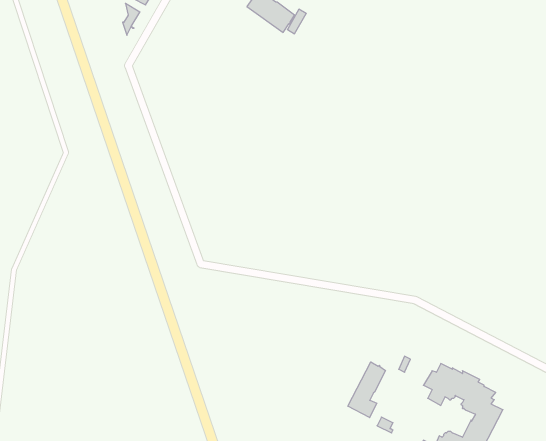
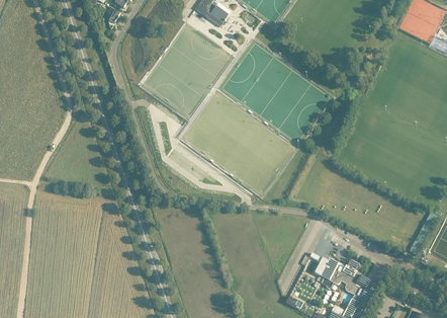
building: [348,362,385,418] -> none

